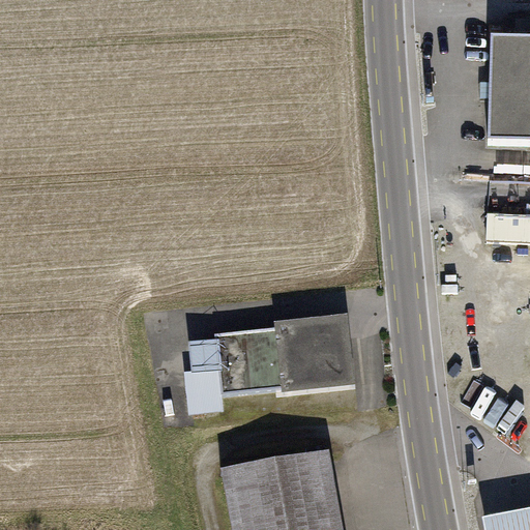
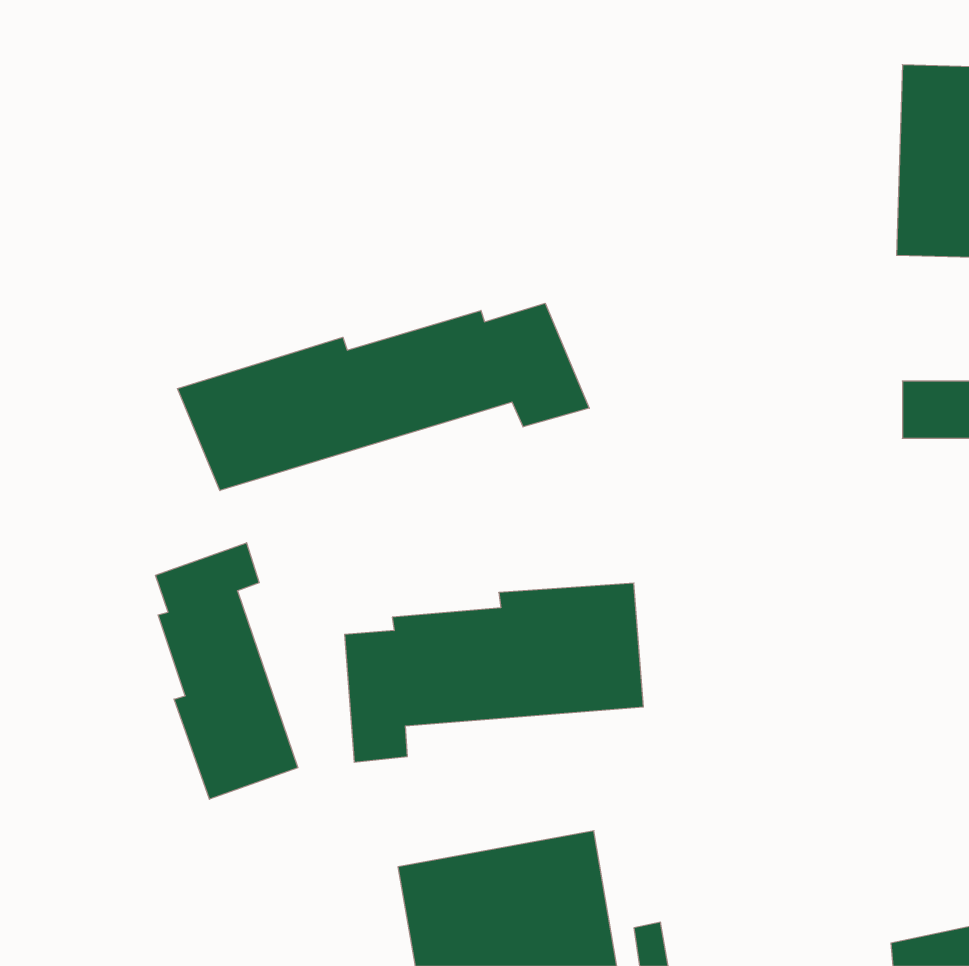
building: none -> [177,303,589,491]
building: none -> [155,543,298,799]

